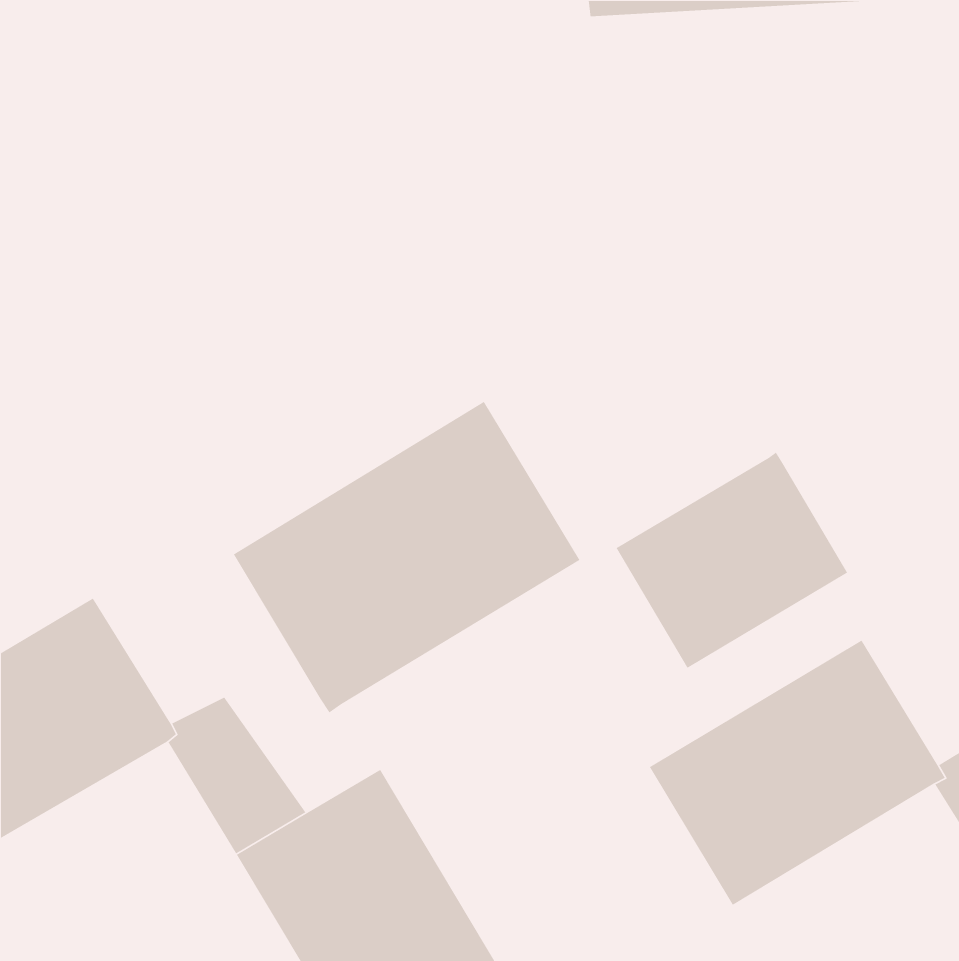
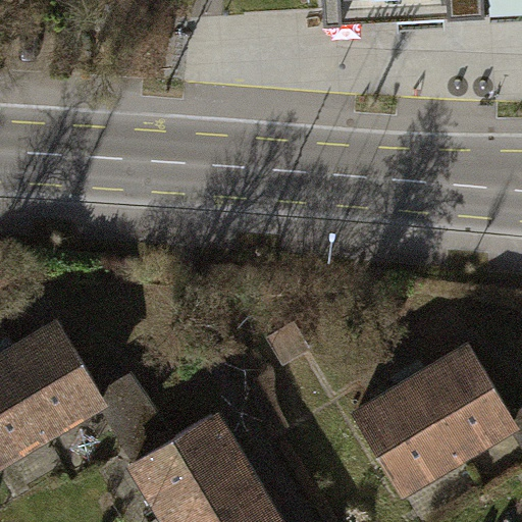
building: [233,401,580,714] -> none
building: [615,452,848,669] -> none

